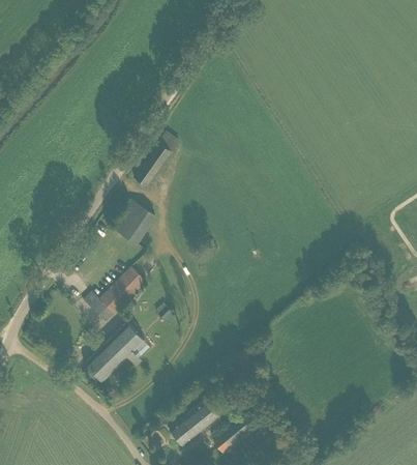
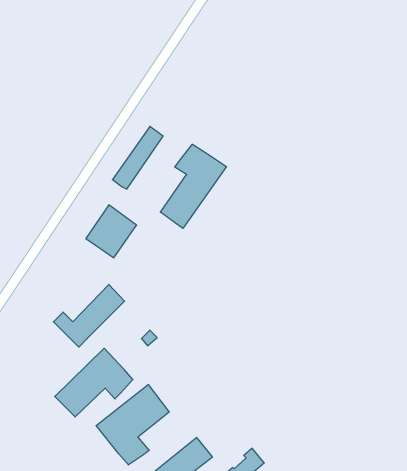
building: none -> [160,144,226,228]
building: none -> [96,385,169,465]

